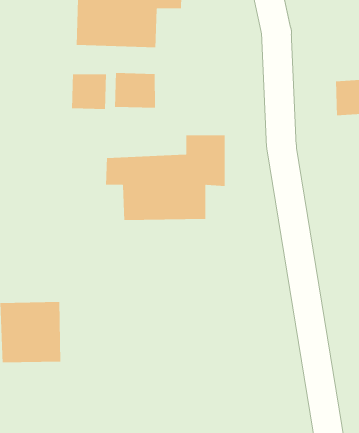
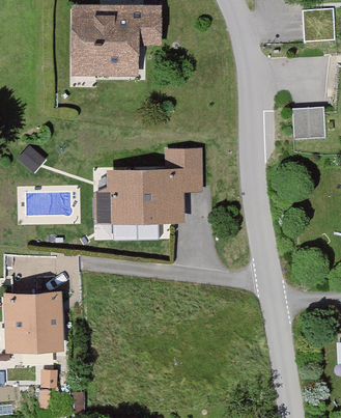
building: [114,72,156,109] -> none
building: [71,73,107,110] -> none

